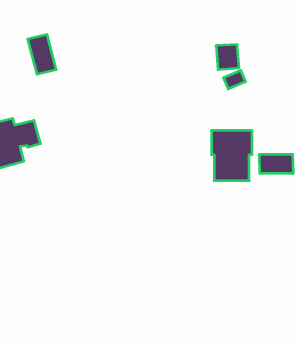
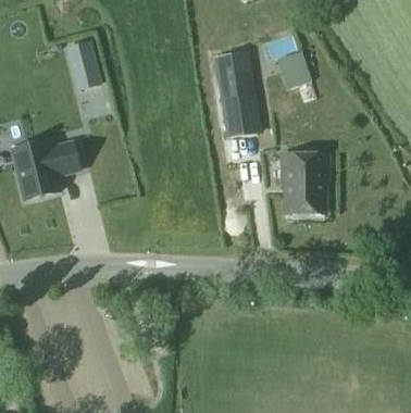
building: none -> [214,52,259,136]
building: [259,154,293,174] -> none

